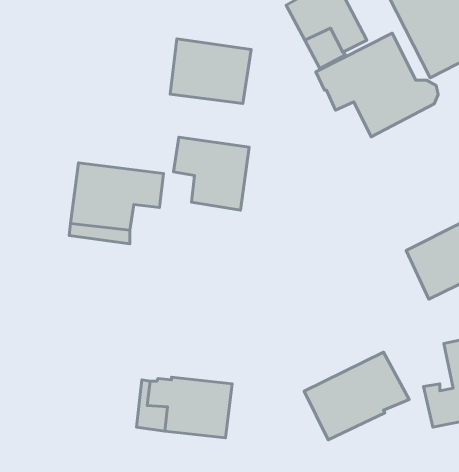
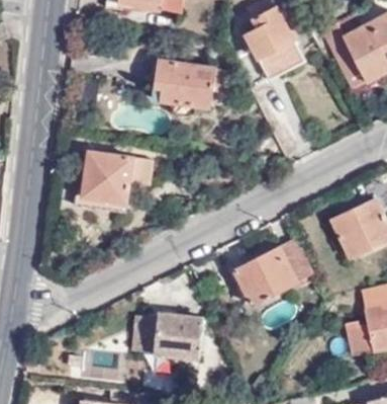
building: [316,33,438,137] -> none
building: [174,137,249,210] -> none
building: [304,352,409,440] -> [235,238,314,304]

